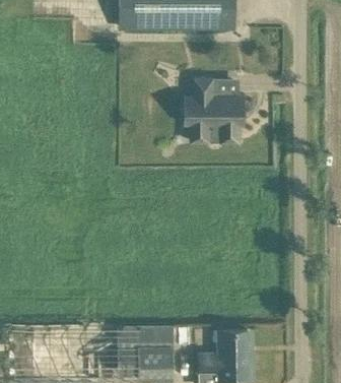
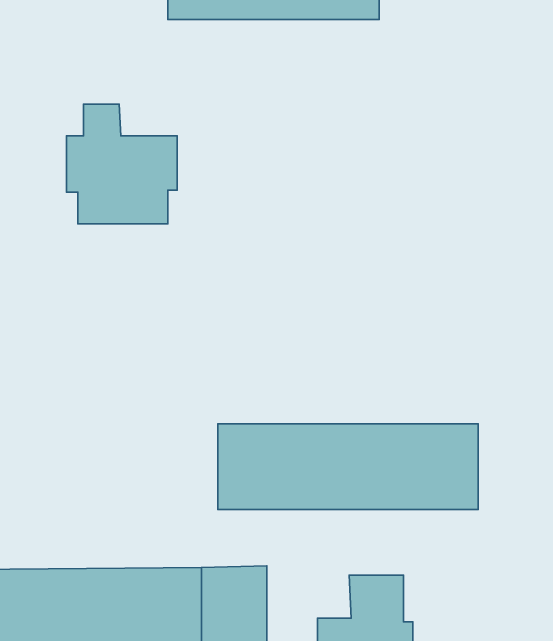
building: [185,77,245,142] -> [67,104,177,224]
building: none -> [218,424,478,510]

